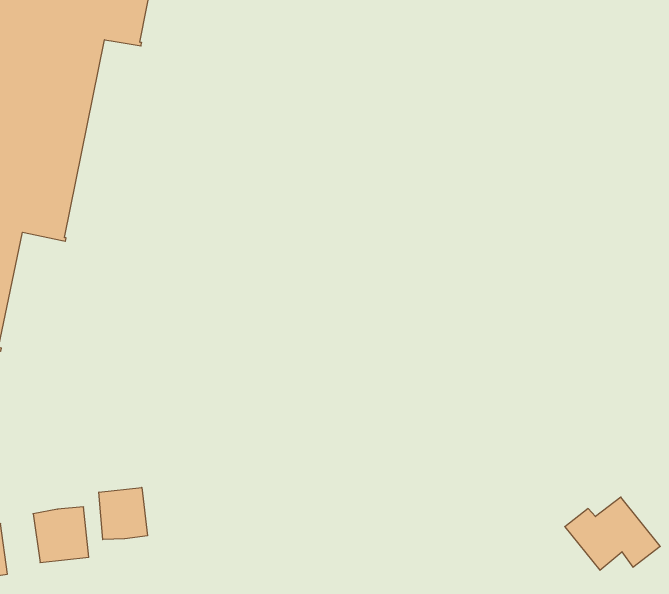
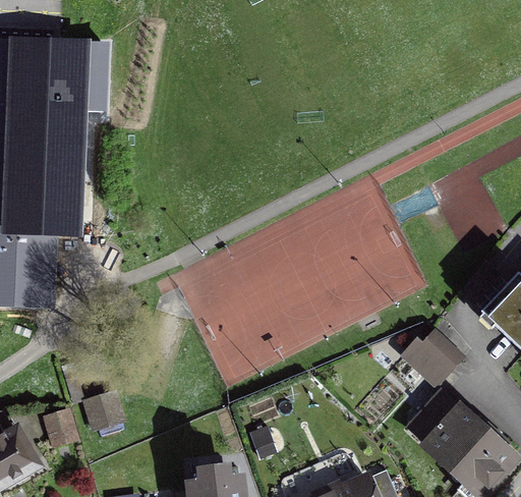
building: [99,487,147,540] -> none

